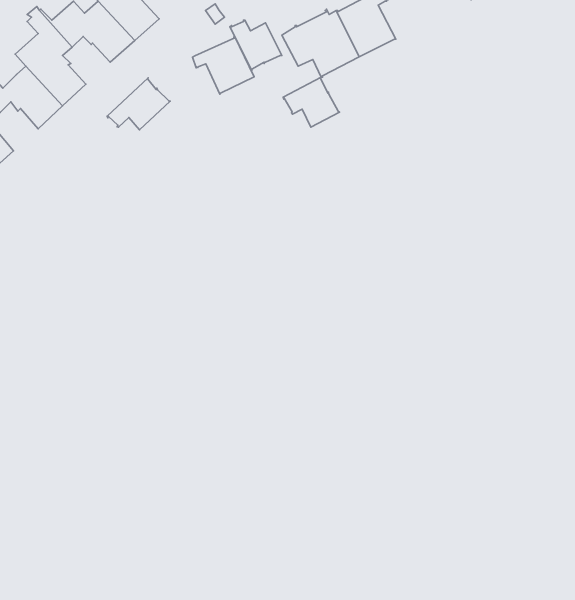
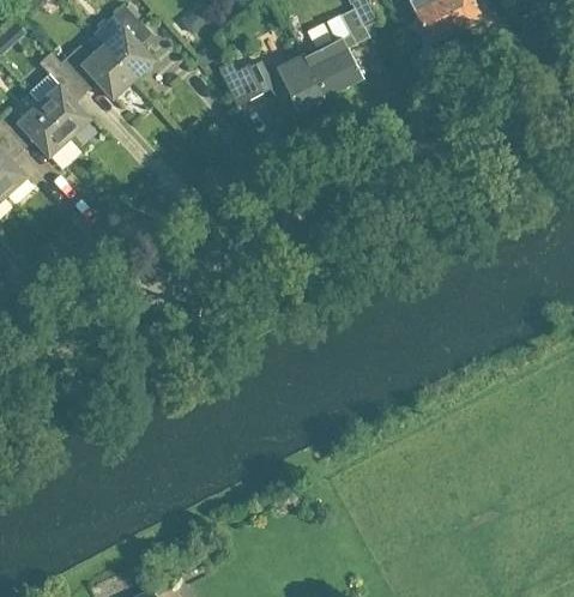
building: [192,36,254,94] -> none
building: [283,77,339,127] -> none
building: [107,78,170,130] -> none

